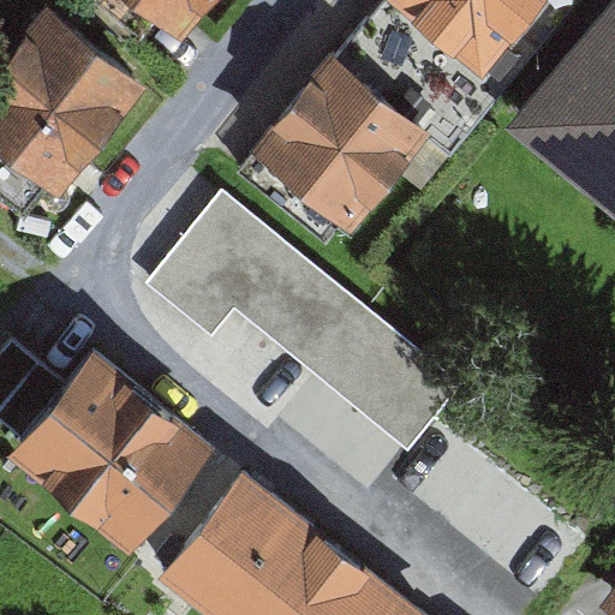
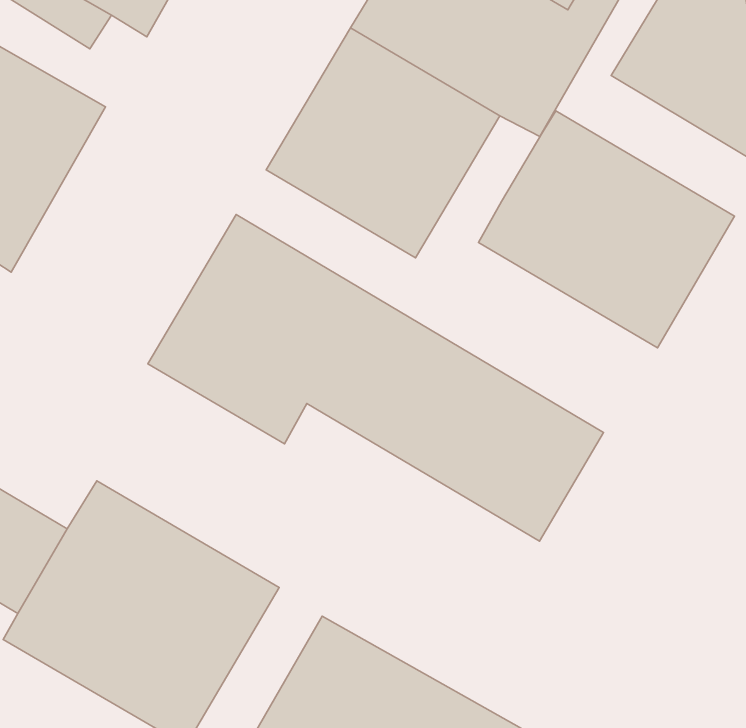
building: none -> [479,111,734,348]

